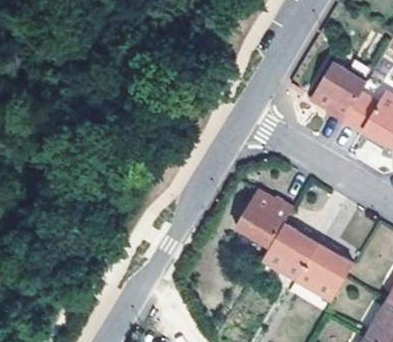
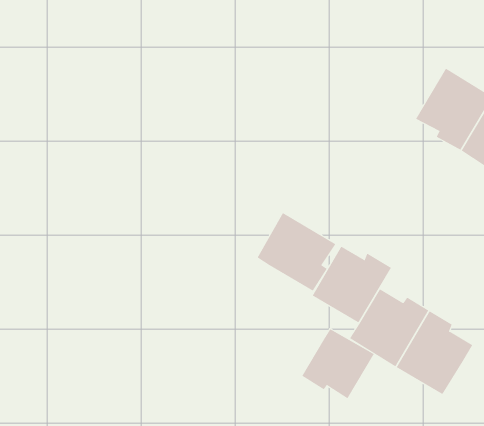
building: none -> [257,212,336,291]
building: none -> [302,329,374,399]

